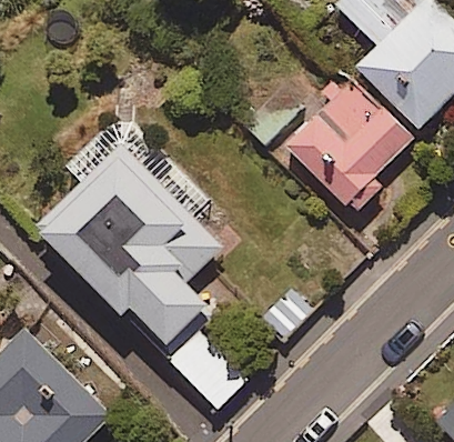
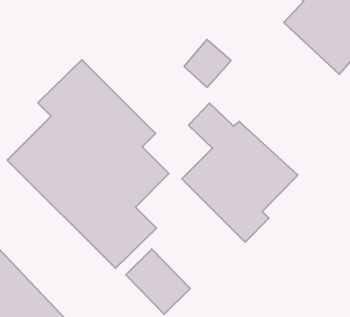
building: [280,54,414,215] -> [182,103,298,242]

